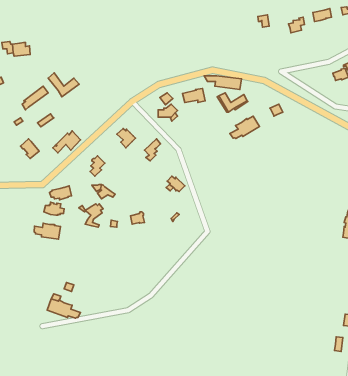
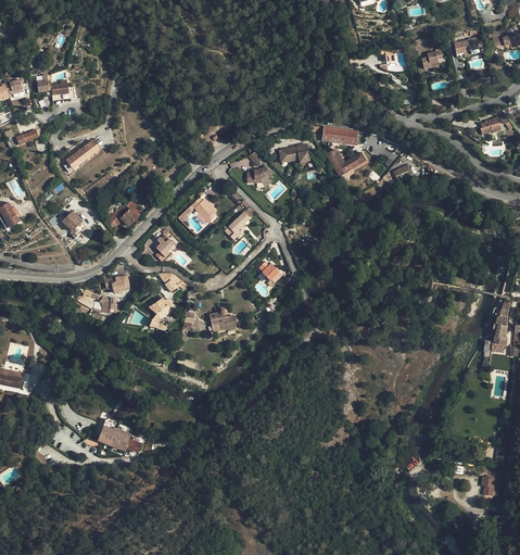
building: [48,73,79,97] -> none
building: [230,116,259,138] -> none
building: [34,223,60,239] -> none

